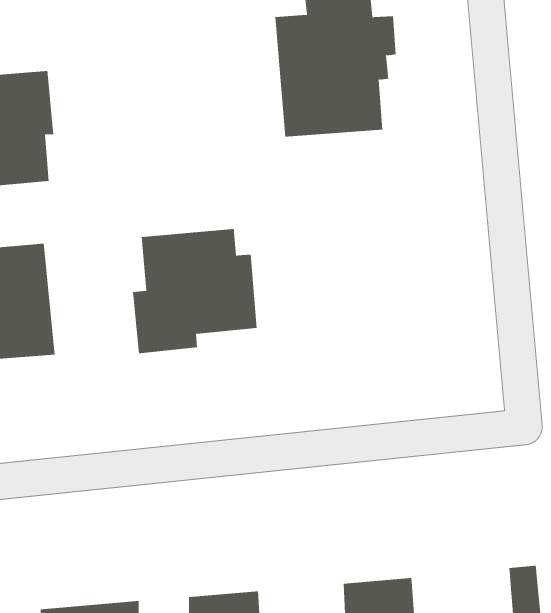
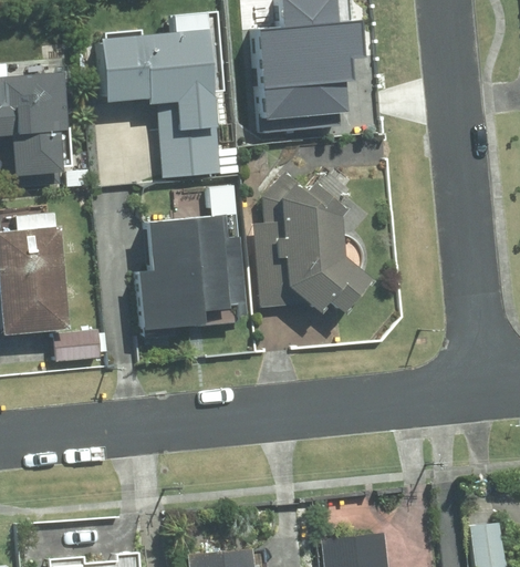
building: none -> [96,13,221,176]
building: none -> [258,174,370,316]

